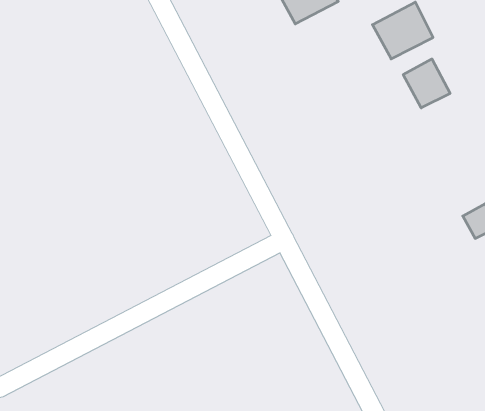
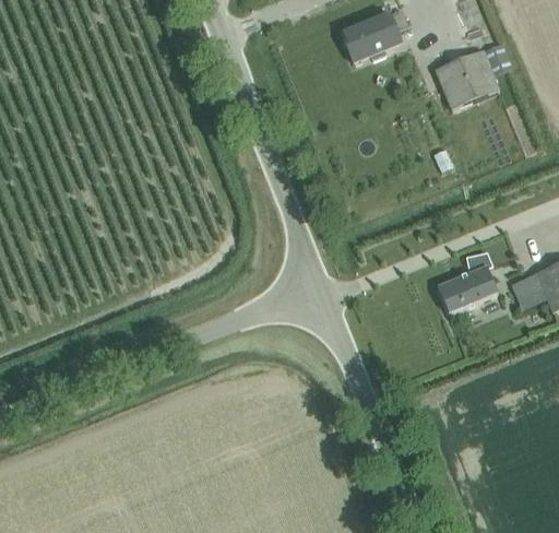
building: [403,59,450,108] -> none
building: none -> [439,252,499,313]

